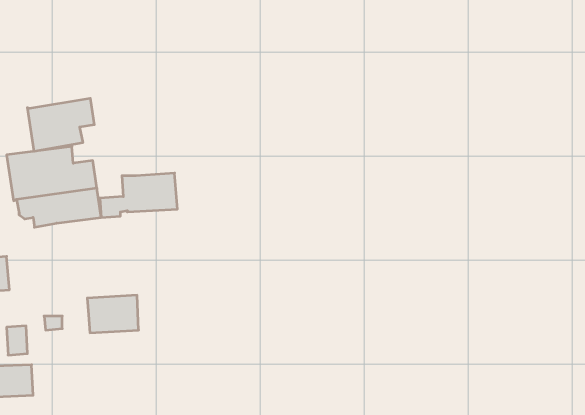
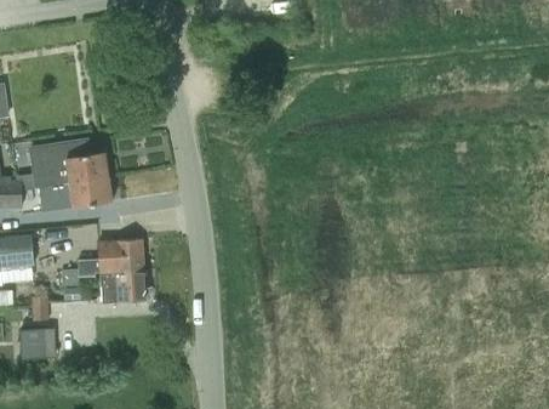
building: [27,98,94,151] -> none
building: [100,173,177,217] -> [76,238,144,277]

